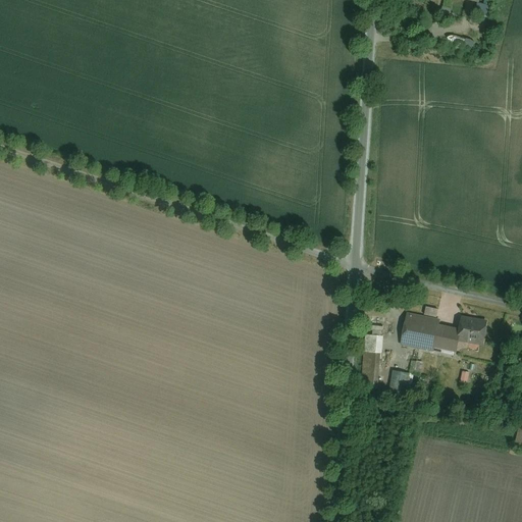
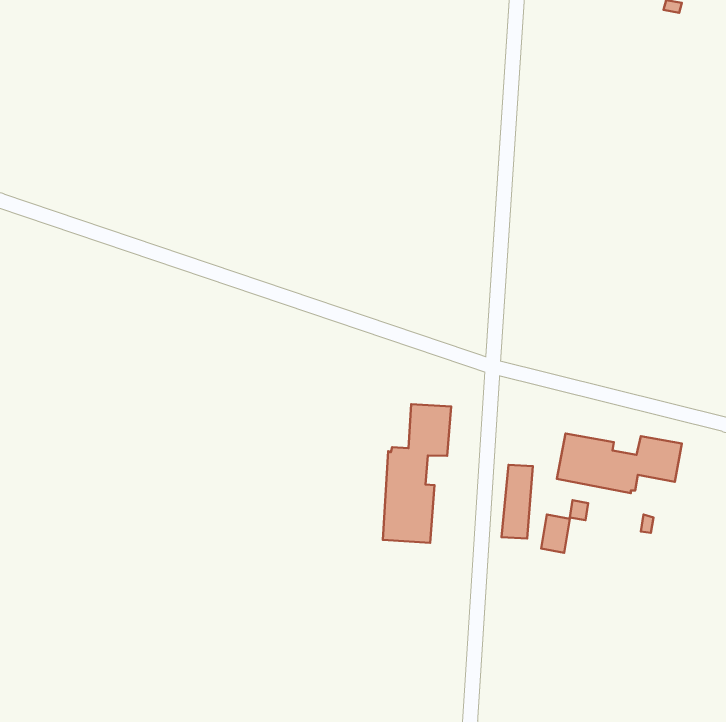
building: none -> [383,404,451,543]

